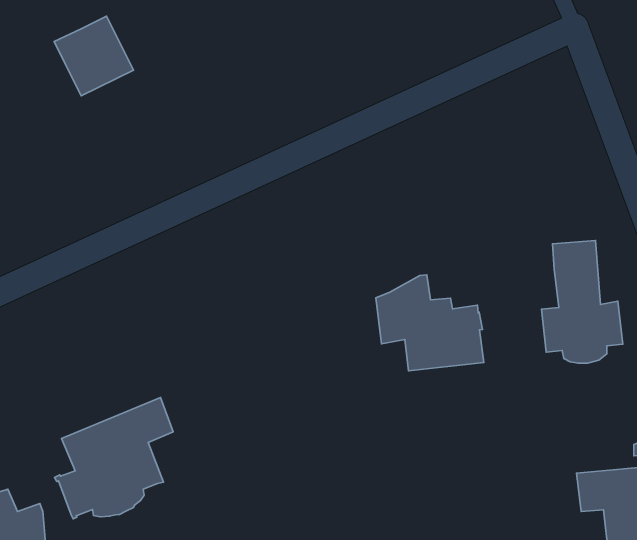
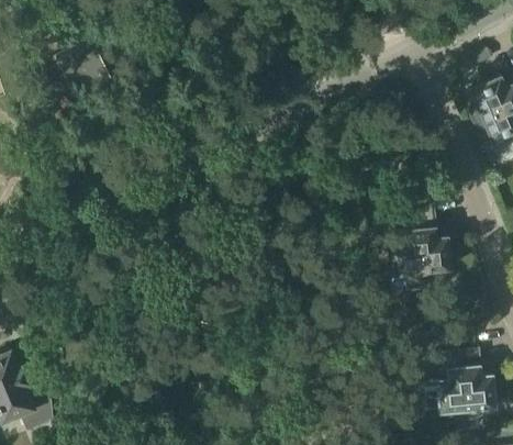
building: [376,275,484,371] -> none
building: [55,398,173,519] -> none

